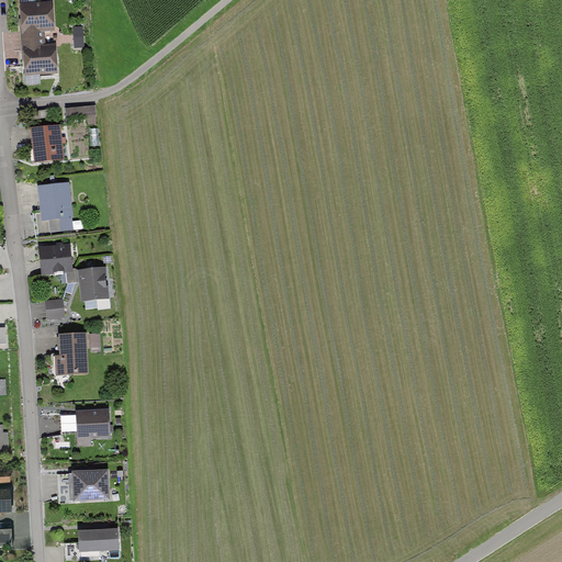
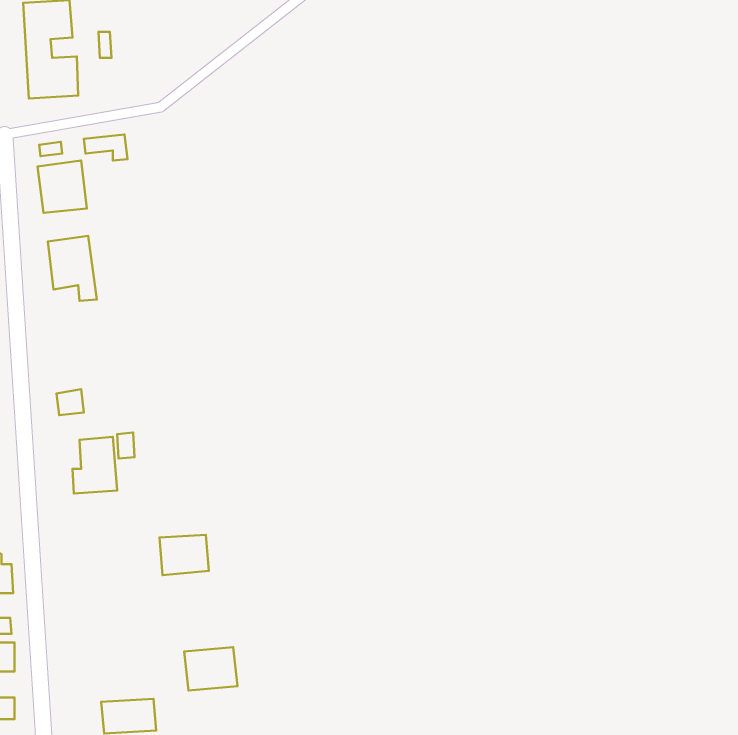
building: [37,240,74,272] -> none
building: [78,265,108,301] -> none
building: [74,409,111,440] -> [160,535,209,575]
building: [69,471,110,504] -> [184,647,238,691]

